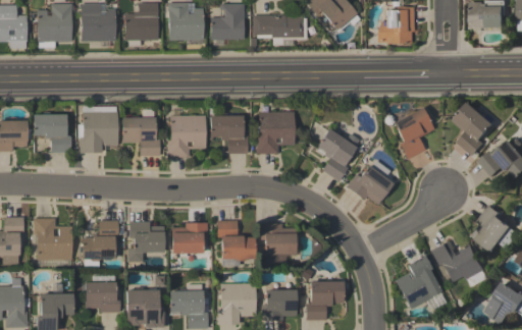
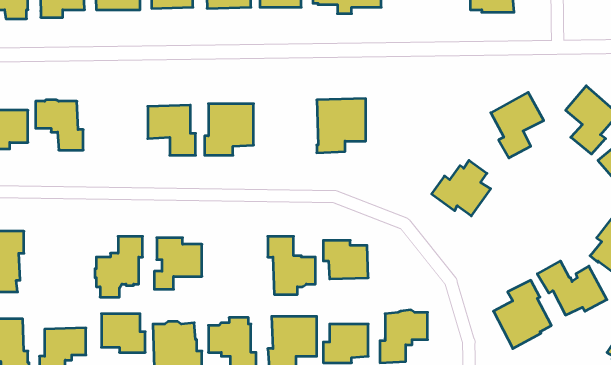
building: [77,106,118,153] -> none
building: [210,115,248,154] -> none
building: [315,128,360,181] -> none
building: [34,219,72,261] -> none
building: [172,223,208,254] -> none

